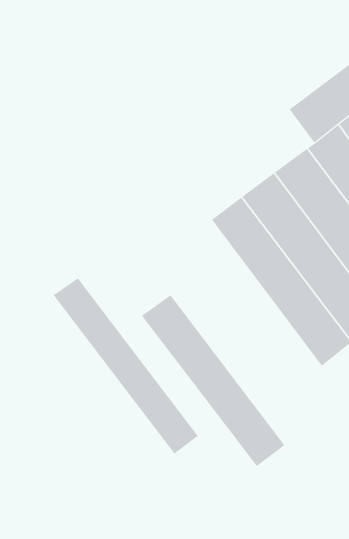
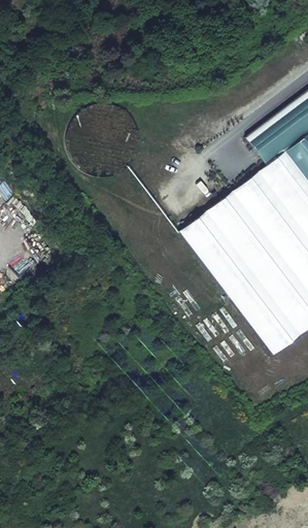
building: [53,277,198,454] -> none
building: [141,294,285,467] -> none

